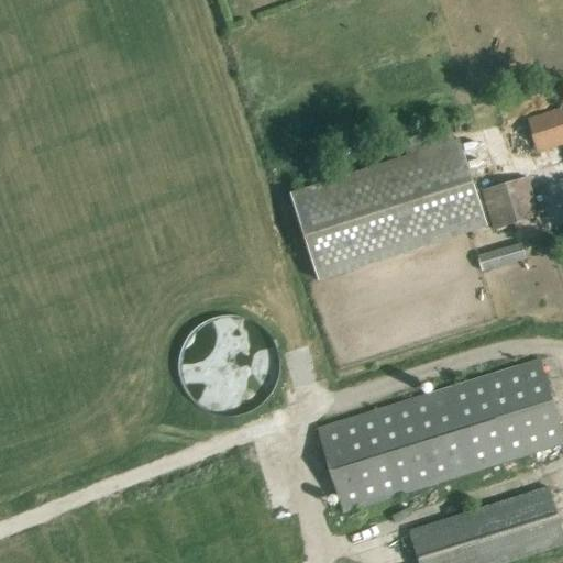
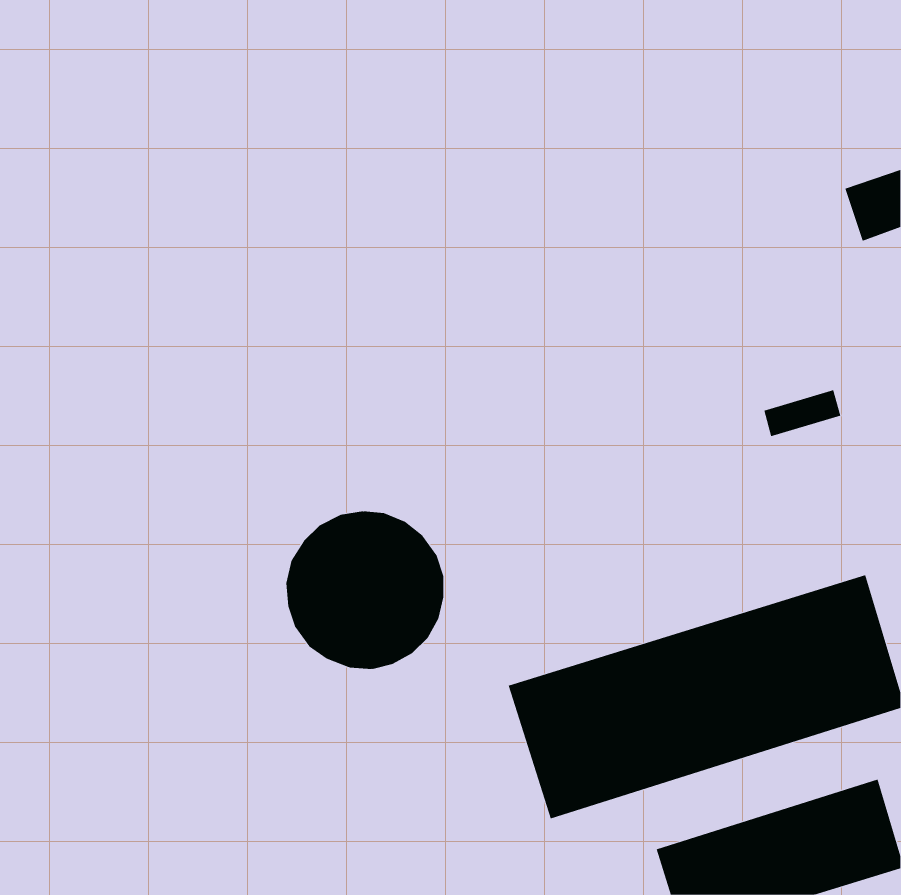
building: [288,126,487,282] -> none
building: [483,176,538,228] -> none

